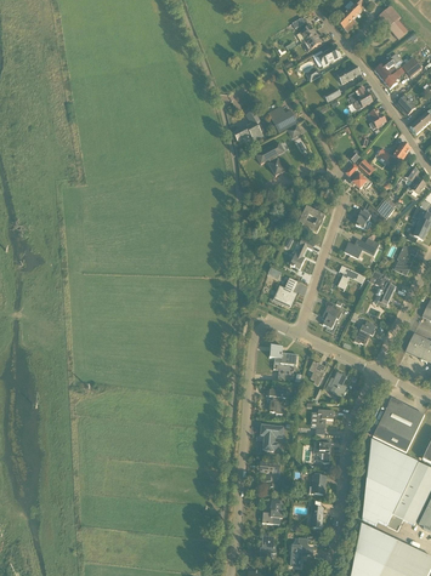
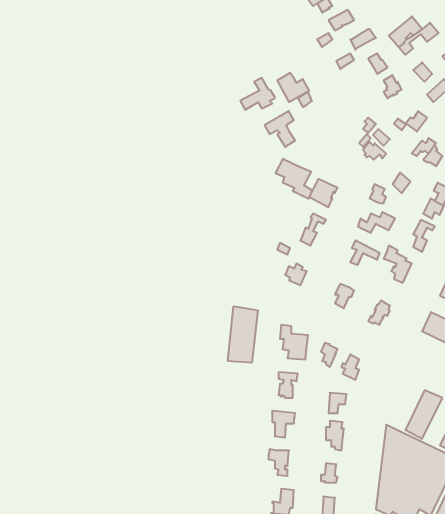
building: none -> [276,159,312,199]
building: none -> [228,306,258,363]
building: [372,398,407,444] -> none

